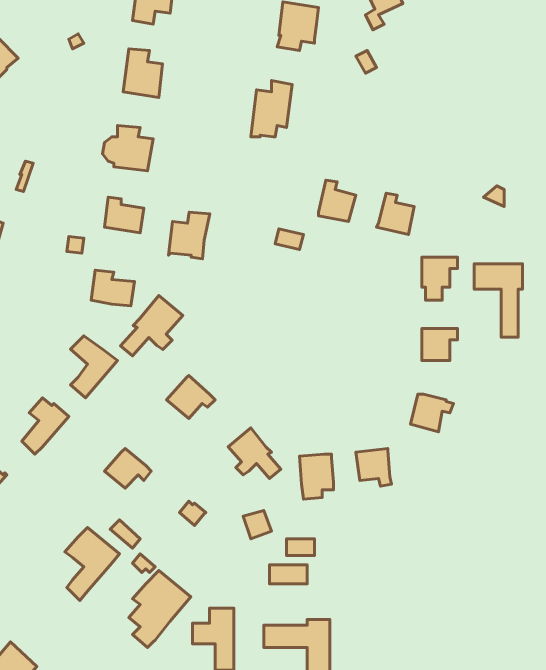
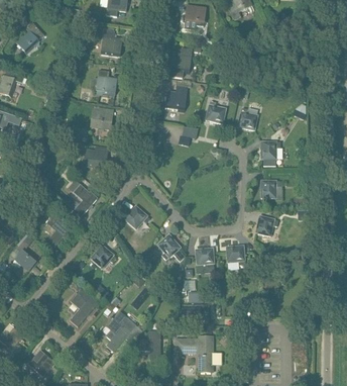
building: [169,212,210,259] -> [165,85,188,110]
building: [474,264,523,337] -> none
building: [121,295,183,356] -> none

